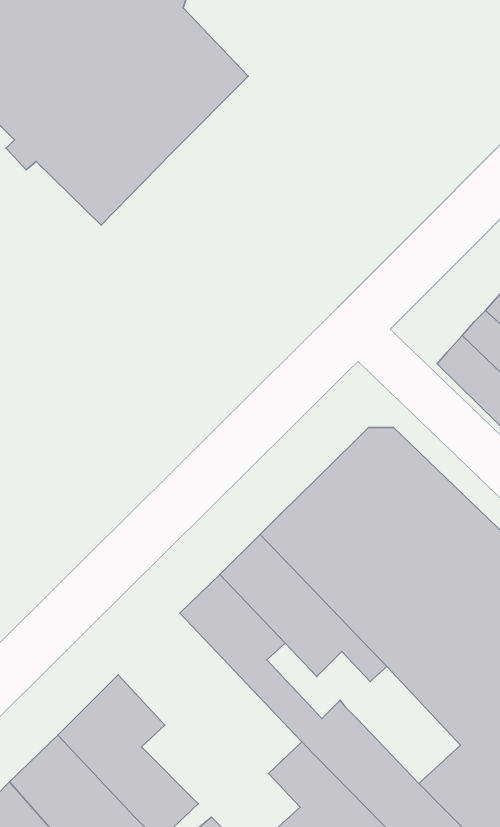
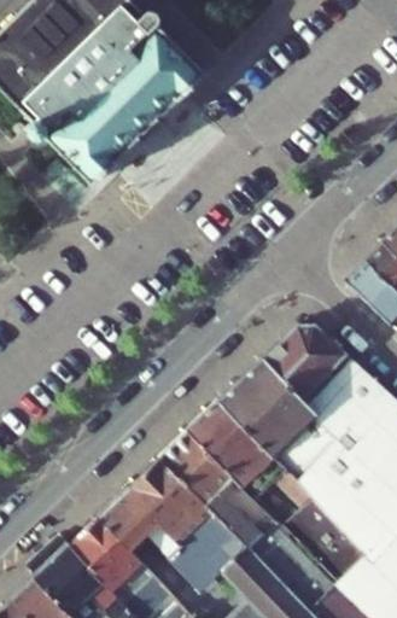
building: none -> [118,459,251,596]
building: none -> [282,497,366,582]

